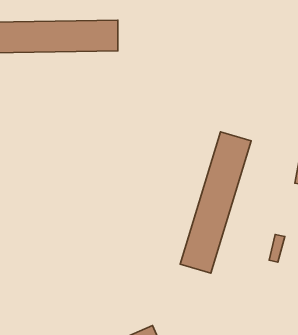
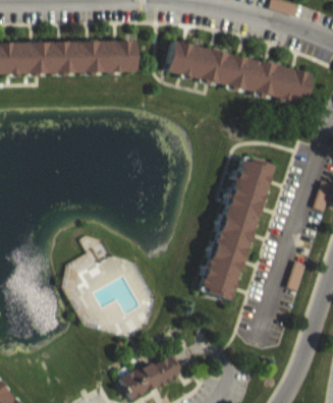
building: none -> [167,42,313,104]

